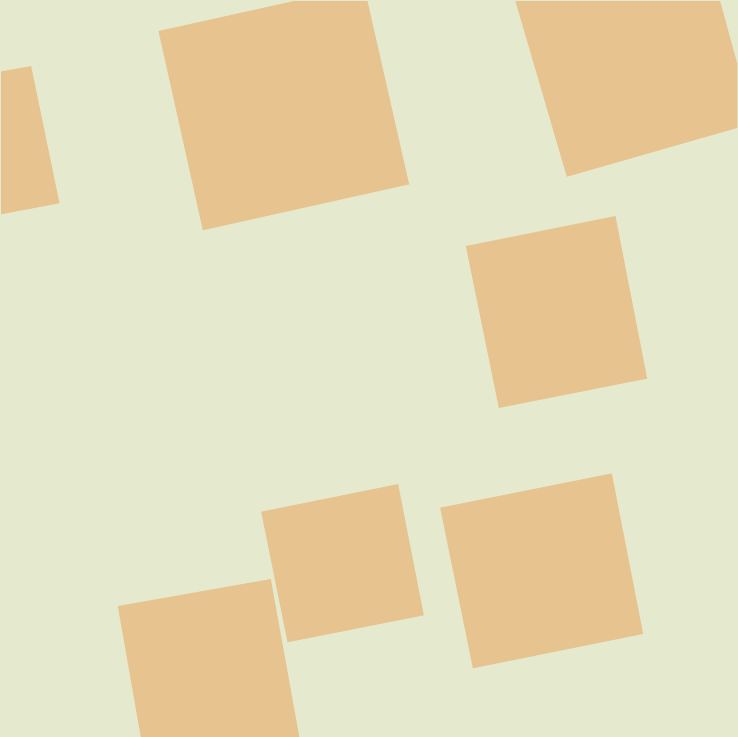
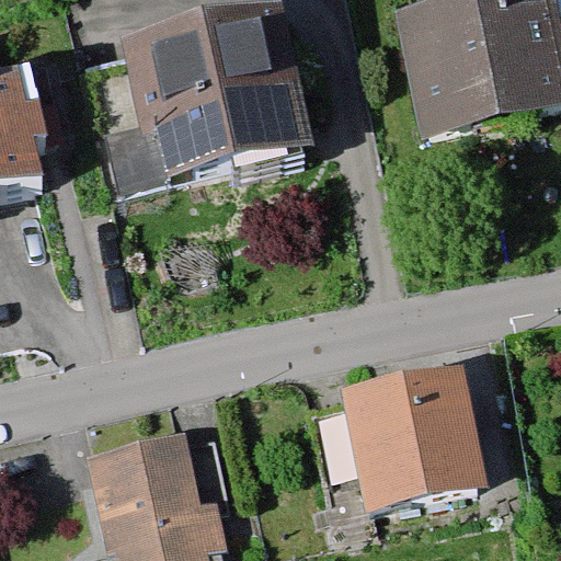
building: [465,215,648,409] -> none
building: [260,483,425,643] -> none

